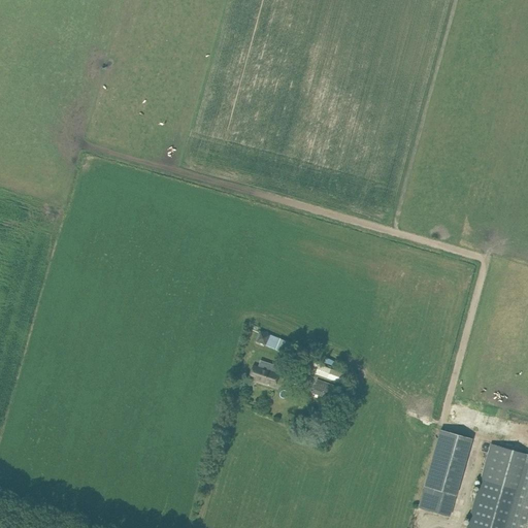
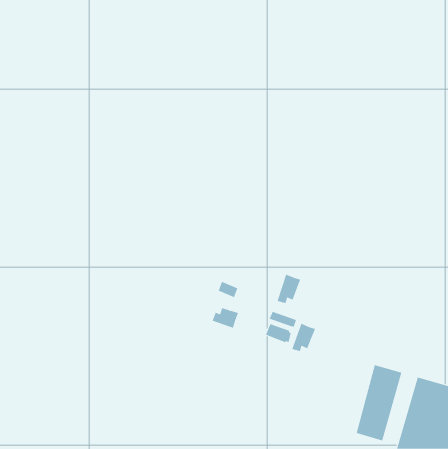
building: none -> [277,274,301,304]
building: none -> [292,323,316,352]

